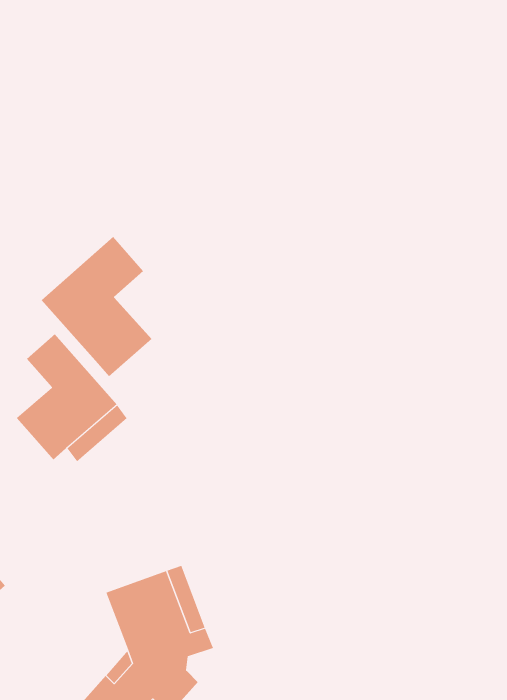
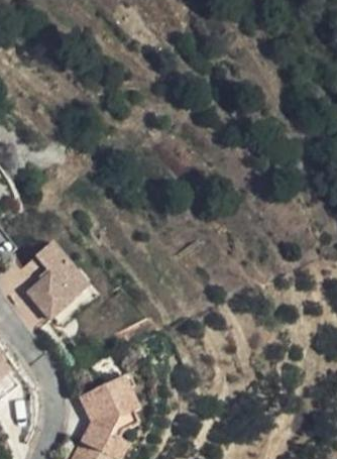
building: [41,236,152,377] -> none

